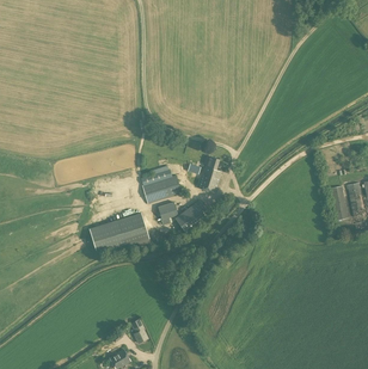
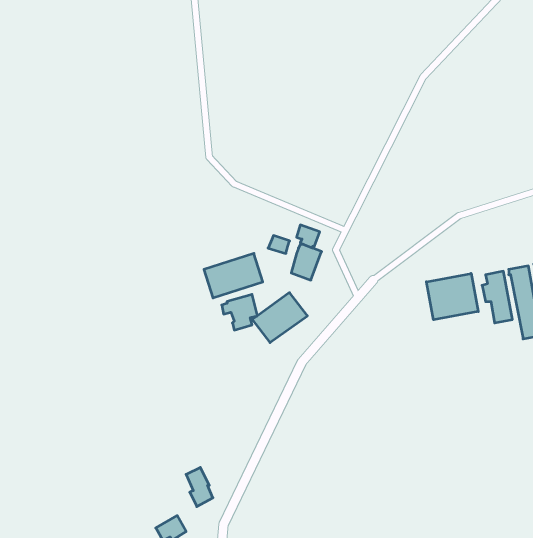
building: none -> [426,273,478,320]
building: [88,213,147,253] -> none

